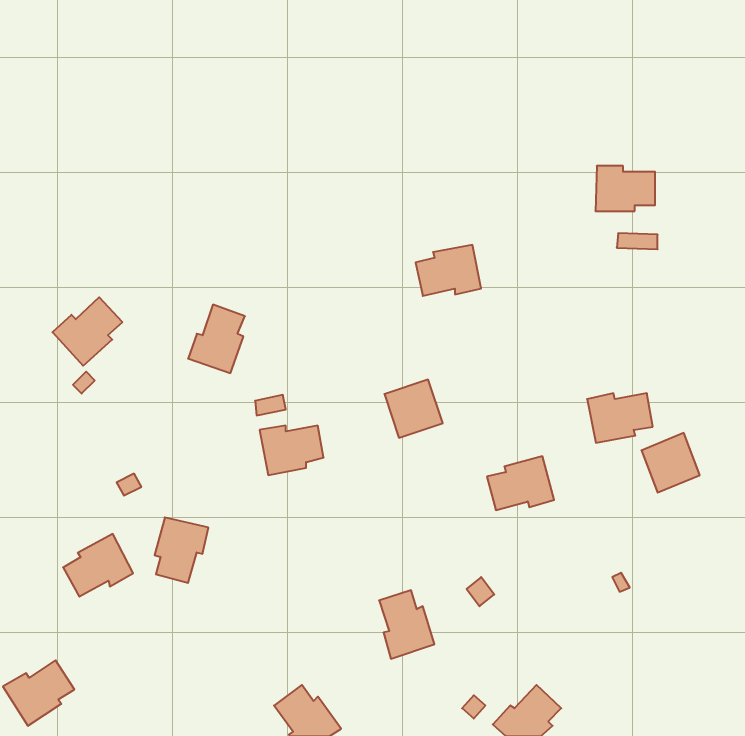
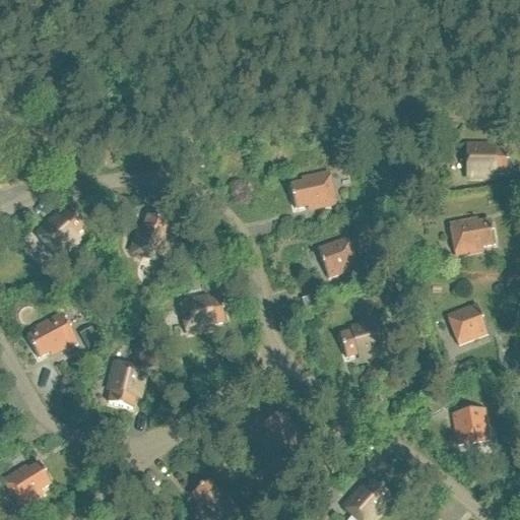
building: [595,166,655,211] -> [466,143,508,175]
building: [384,380,443,438] -> [317,236,358,276]
building: [587,393,653,443] -> [449,218,495,253]
building: [63,534,133,597] -> [26,312,75,355]
building: none -> [452,406,489,443]

